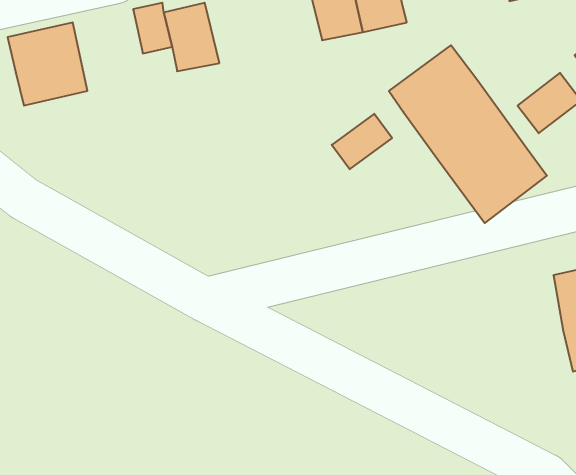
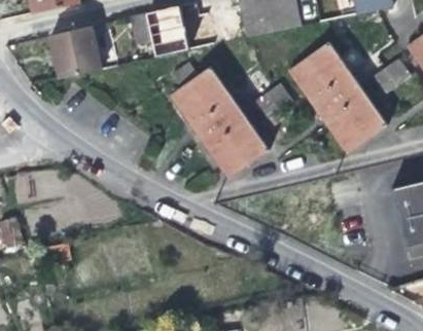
building: none -> [170,63,270,176]

